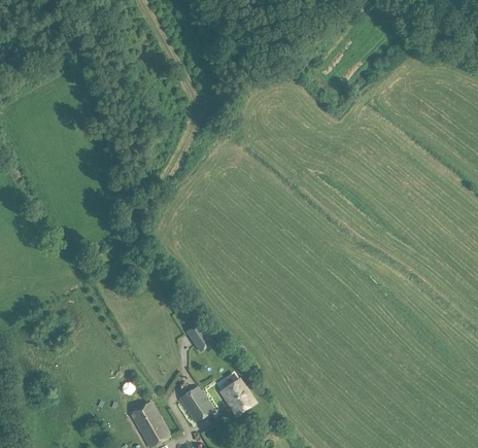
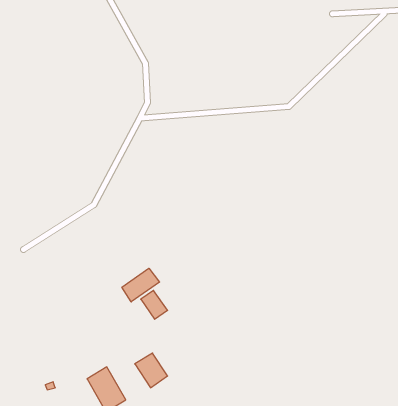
building: none -> [122,268,160,302]
building: [220,379,254,414] -> none

